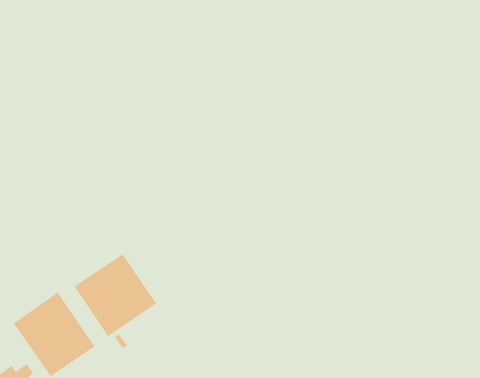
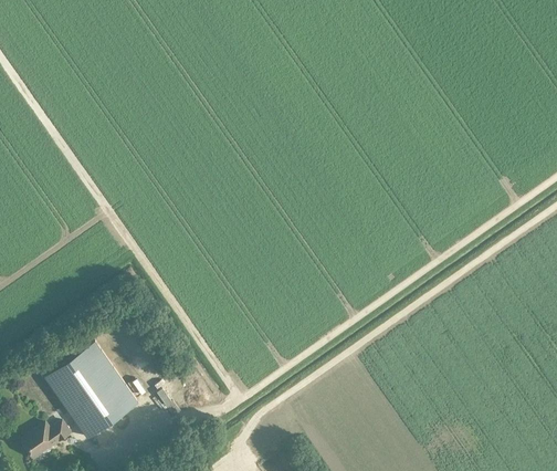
building: [74,253,157,337] -> none

